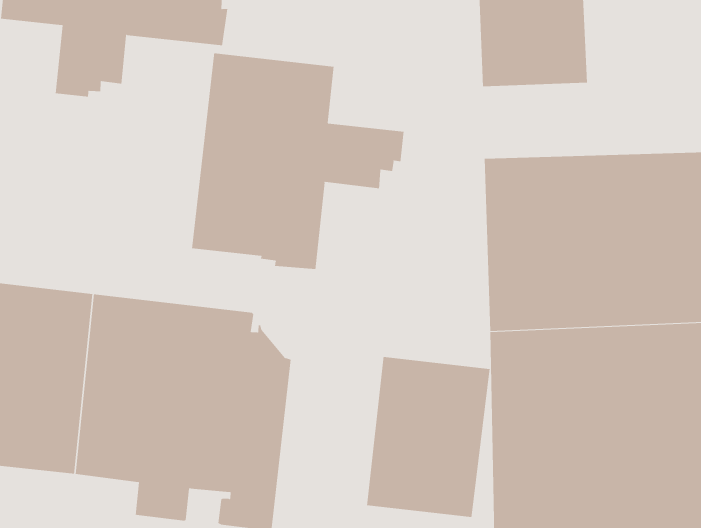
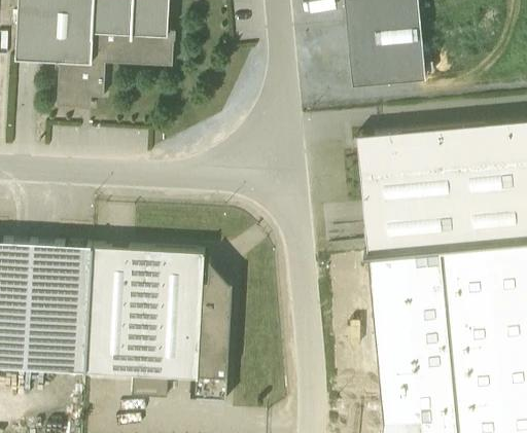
building: [192,53,404,270] -> none
building: [366,356,490,518] -> none

